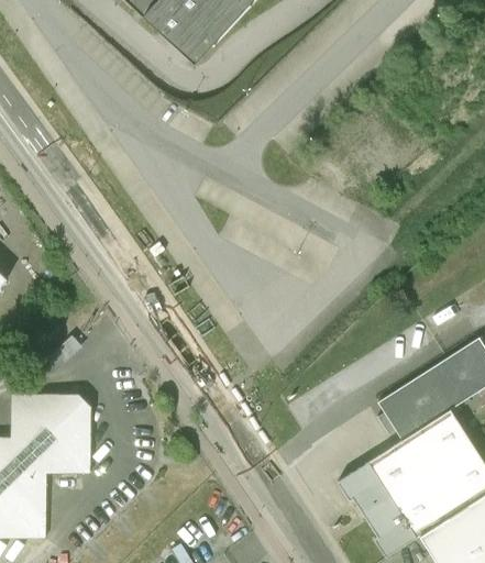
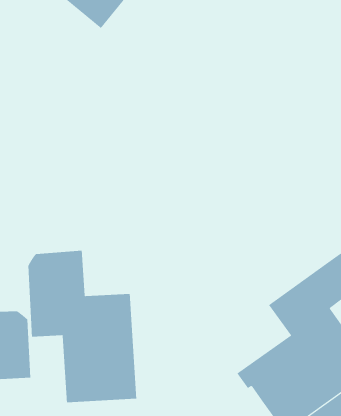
building: none -> [28,250,137,403]

